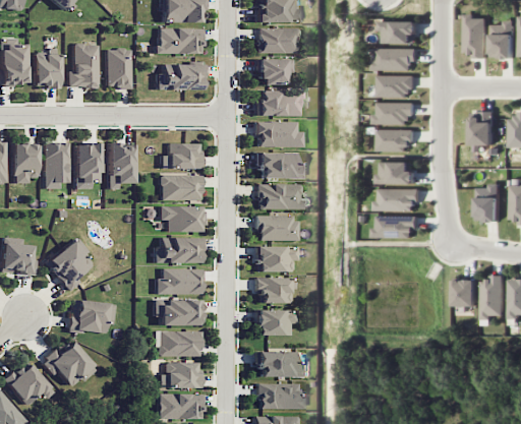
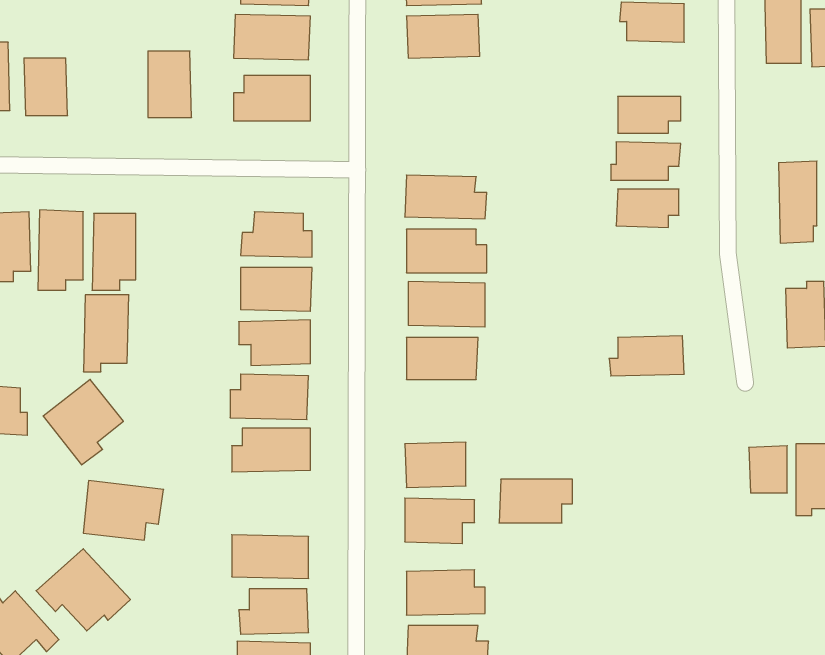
building: [67,43,99,86] -> none
building: [375,48,420,70] -> none
building: [258,58,293,84] -> none
building: [258,89,301,116] -> none
building: [108,143,134,188] -> [83,295,129,372]
building: [379,162,418,184] -> none
building: [380,188,420,210] -> none
building: [255,246,298,271] -> [499,479,572,523]
building: [154,299,199,325] -> none

